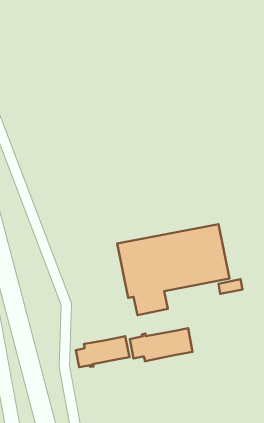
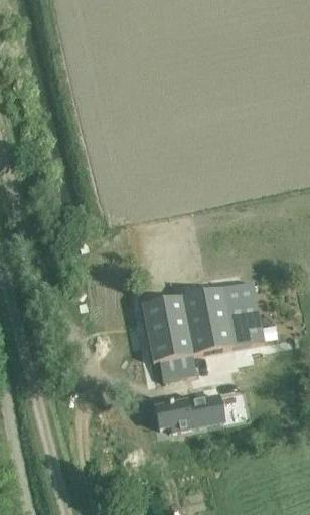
building: [76,336,129,367] -> none

